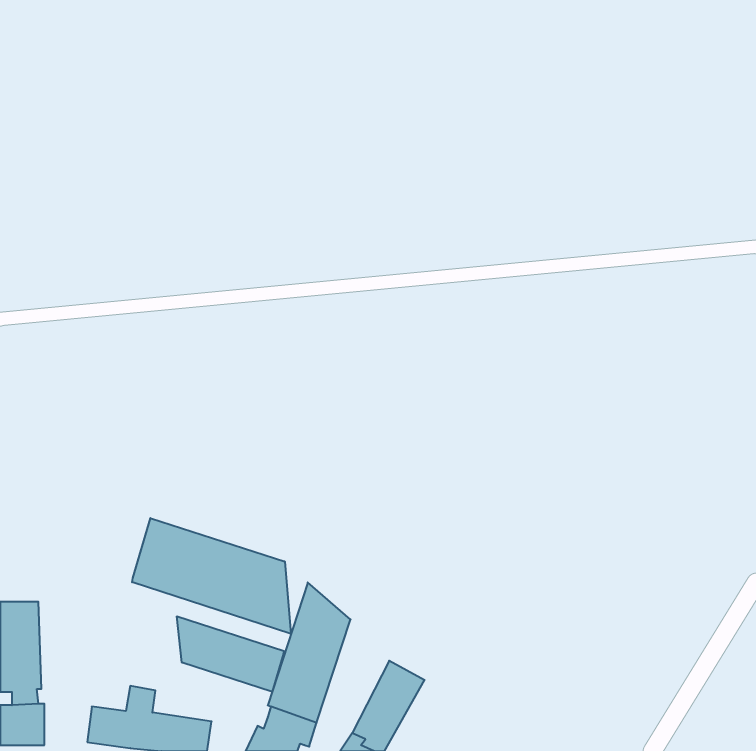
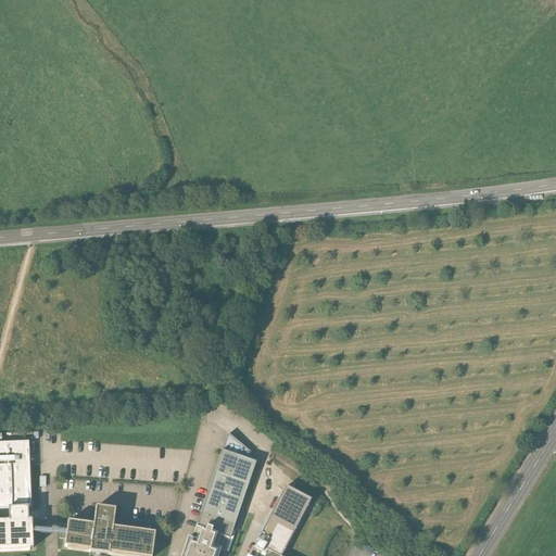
building: [132,518,291,634] -> none
building: [177,616,284,692] -> none

